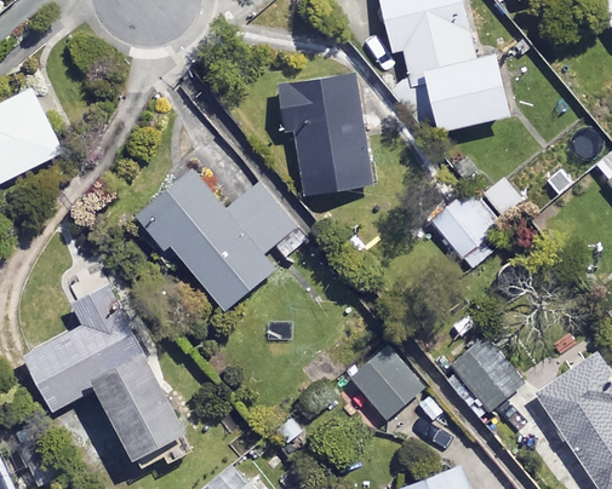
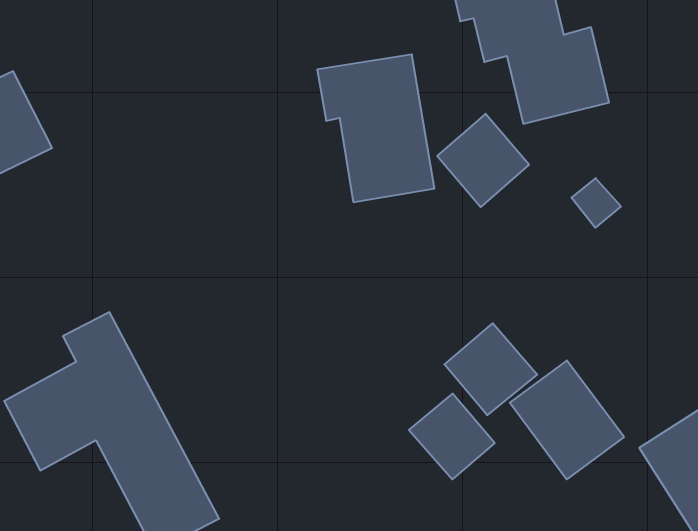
building: [136,169,294,311] -> none
building: [424,183,498,258] -> [437,114,529,207]
building: none -> [444,323,537,415]

